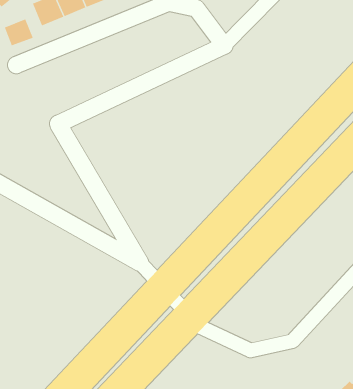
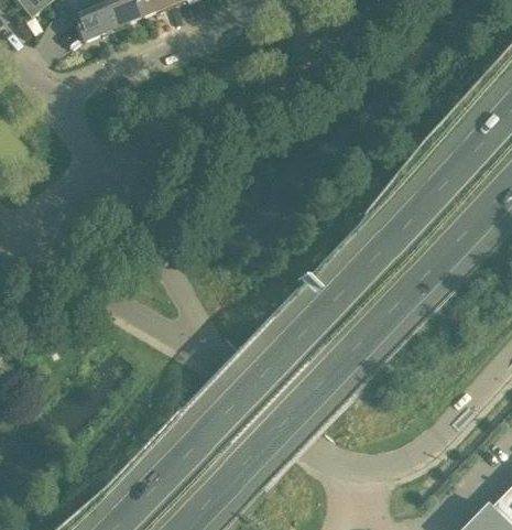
building: [4,19,33,46] -> none

